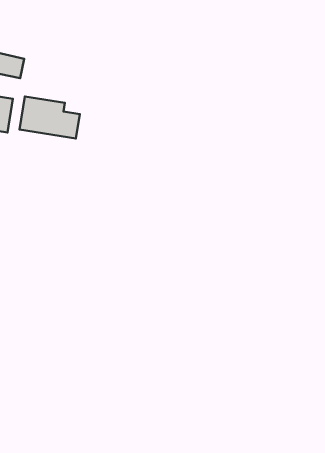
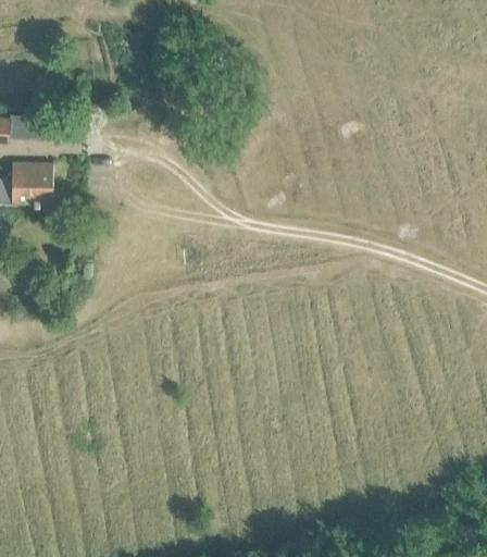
building: [20,97,80,139] -> none

